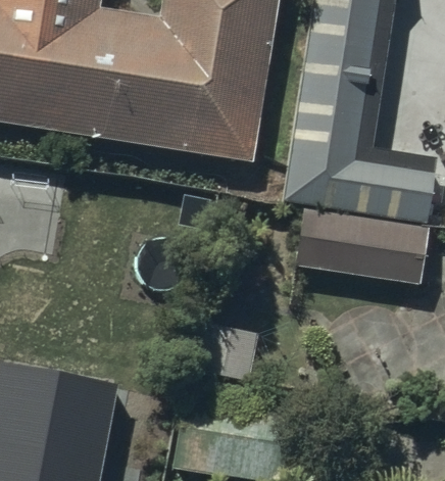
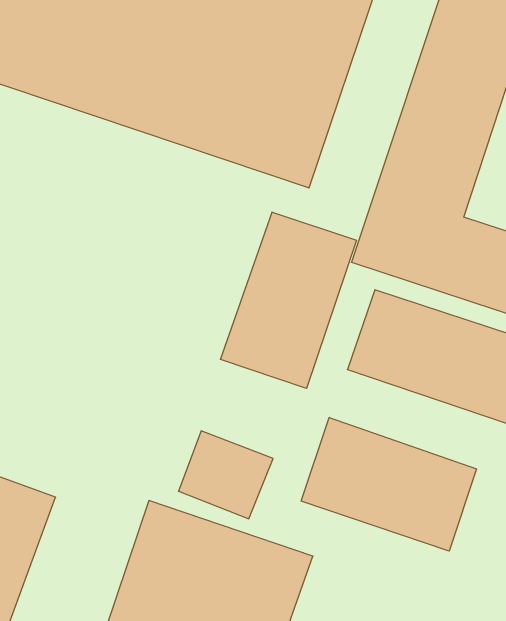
building: none -> [221,212,357,388]
building: none -> [301,417,477,551]

